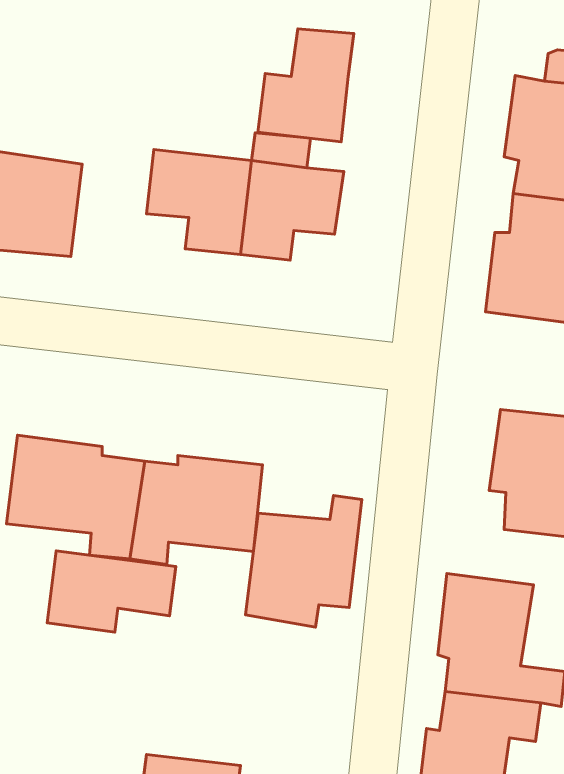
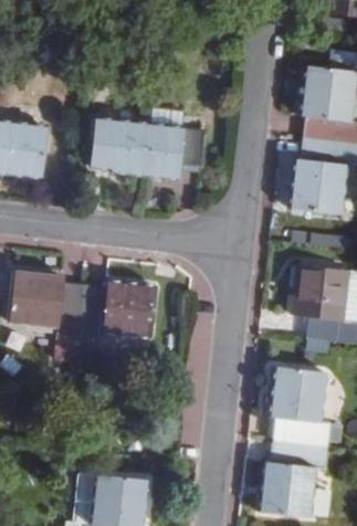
building: [258,29,354,142] -> none
building: [245,495,362,627] -> none
building: [47,551,176,632] -> none

